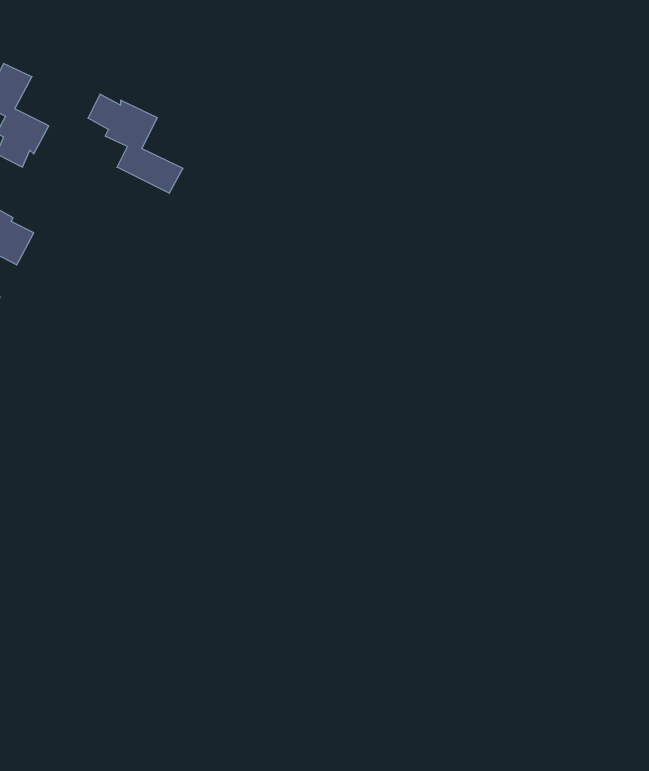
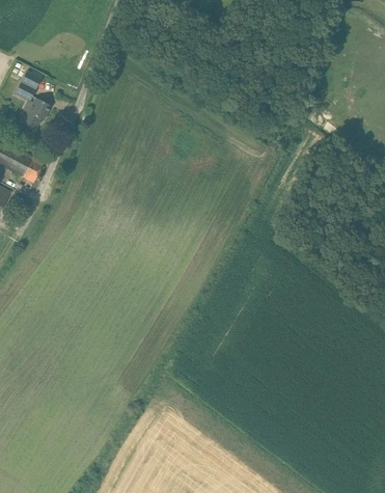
building: [88,94,183,193] -> none

